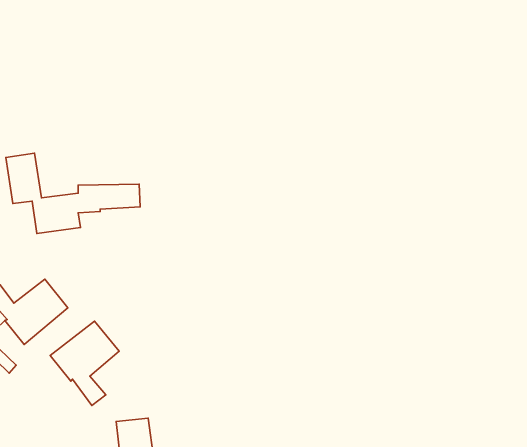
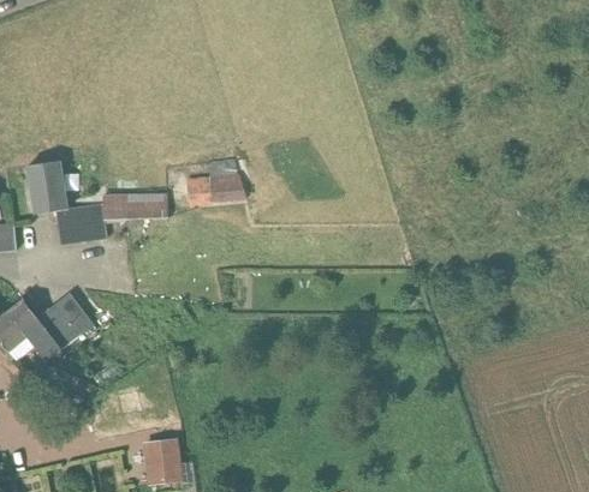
building: none -> [186,173,245,205]
building: [50,321,119,406] -> none

